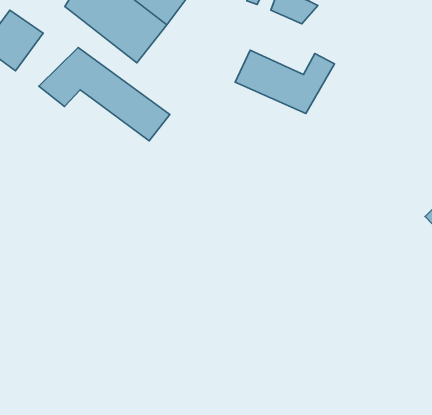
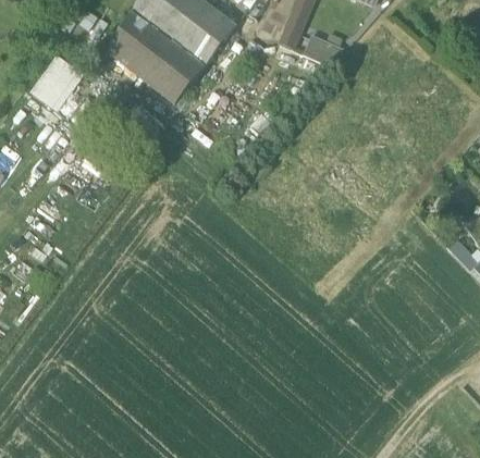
building: [39,47,170,141] -> none
building: [235,50,335,114] -> none

